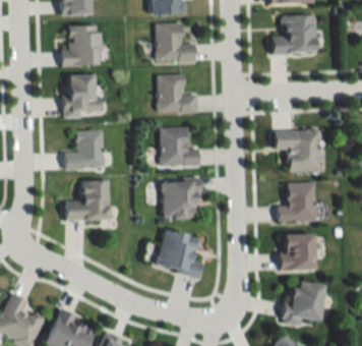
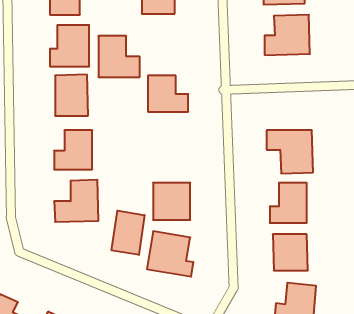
building: [156,23,196,64] -> [98,36,140,77]
building: [160,127,199,166] -> none
building: none -> [112,211,145,255]

